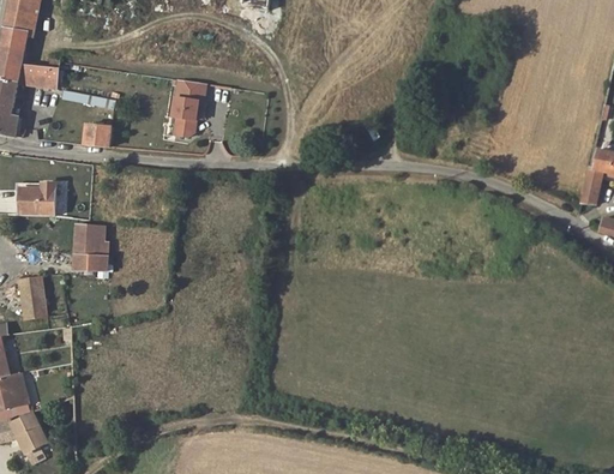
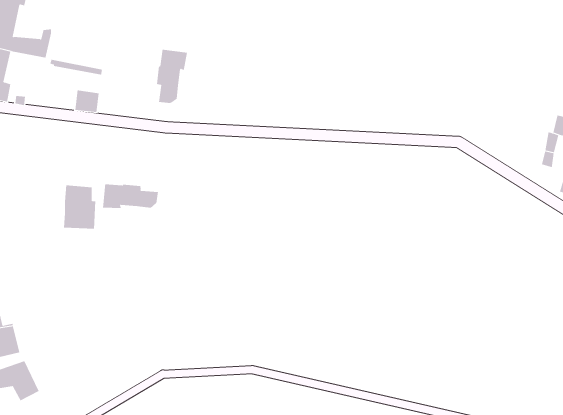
building: [18,181,53,215] -> none
building: none -> [102,183,158,209]
building: [19,272,44,314] -> none

